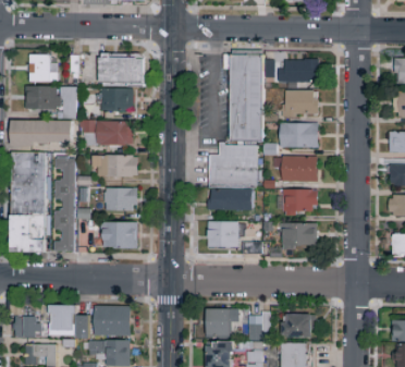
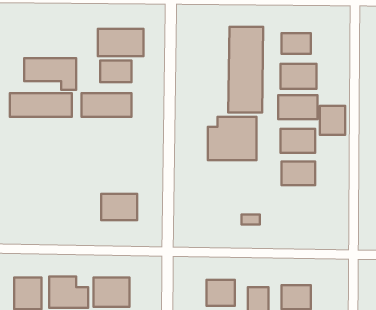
building: [30,56,57,82] -> none
building: none -> [320,106,345,135]
building: [12,151,46,253] -> none
building: [53,154,75,252] -> none
building: [93,156,137,175] -> none
building: [105,188,137,210] -> none
building: [208,191,249,209] -> none
building: [209,221,237,247] -> none
building: [283,223,316,257] -> none

